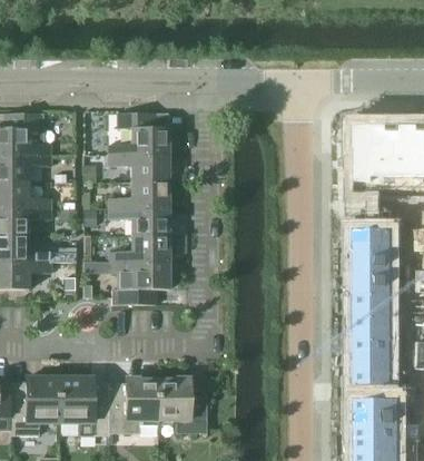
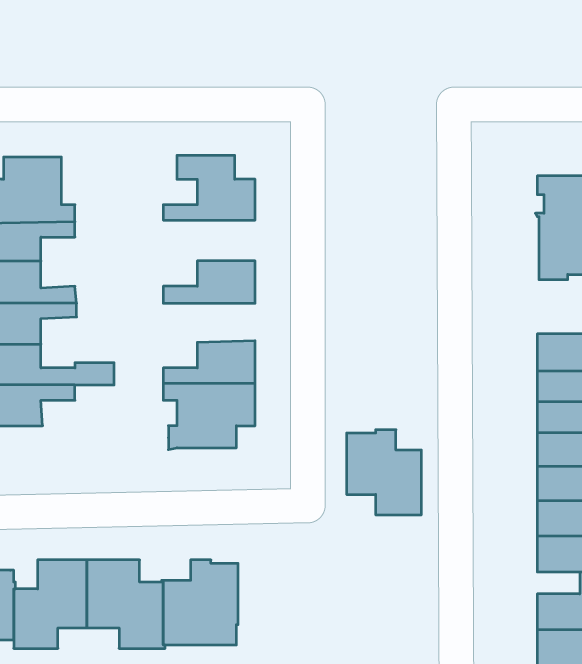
building: [109,154,169,180] -> none
building: [109,208,169,234] -> none
building: [158,376,207,432] -> [347,430,421,515]

